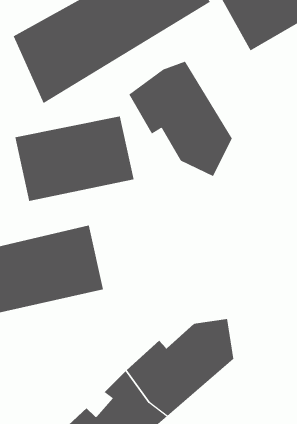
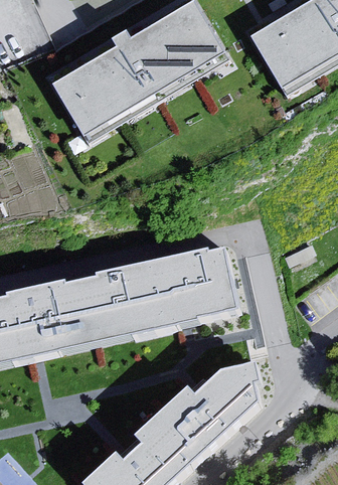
building: [129,61,233,177] -> none
building: [14,116,135,202] -> [121,247,240,332]

